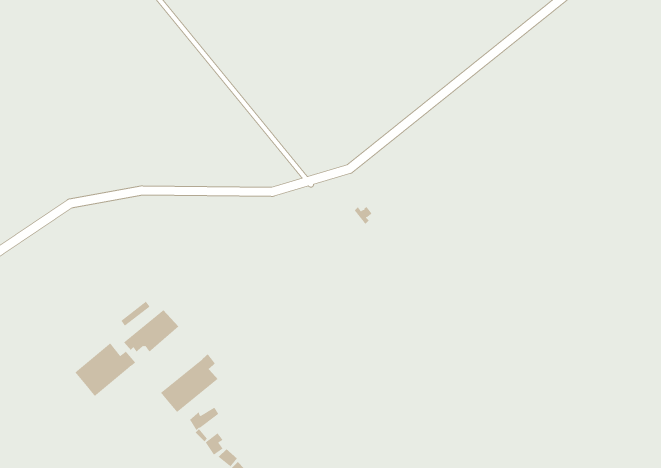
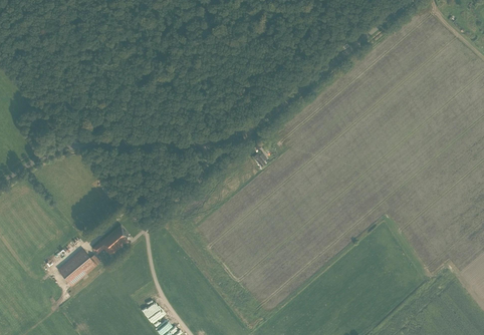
building: [160,354,219,413] -> none

